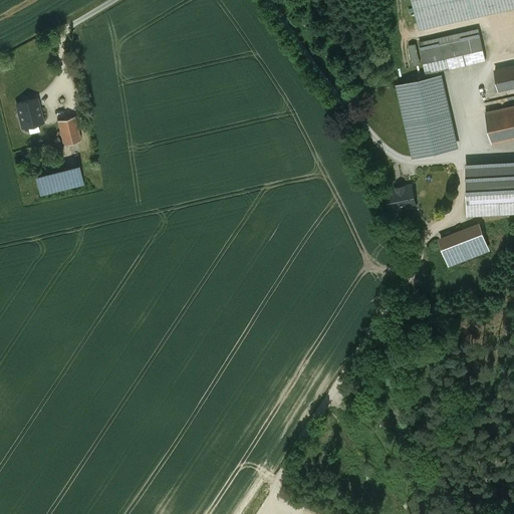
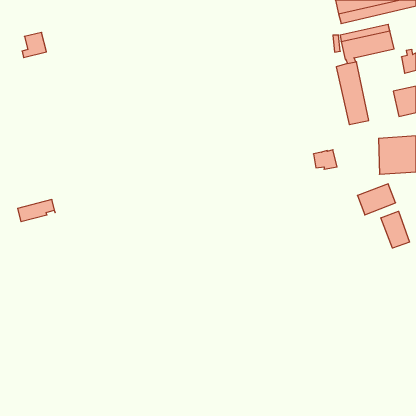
building: [400,82,431,157] -> none
building: [13,97,43,128] -> [22,32,46,58]
building: [58,116,80,144] -> none
building: [36,166,82,193] -> [18,200,55,222]
building: none -> [381,211,410,248]

